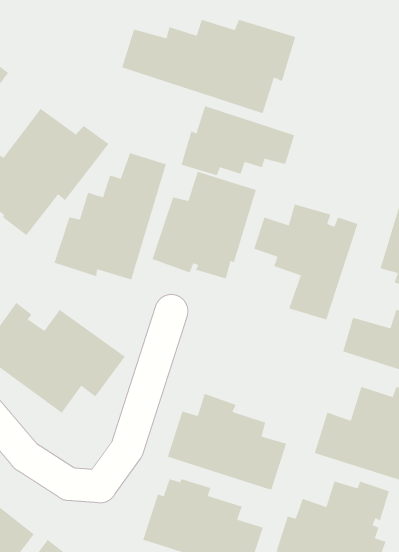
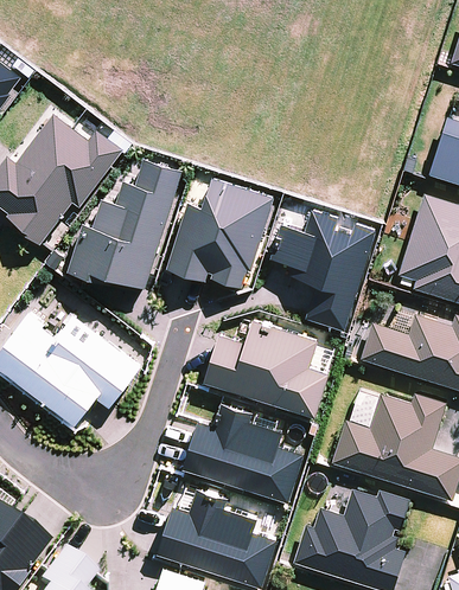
building: [121,19,296,114] -> none
building: [180,105,295,176] -> none
building: none -> [203,320,330,417]

